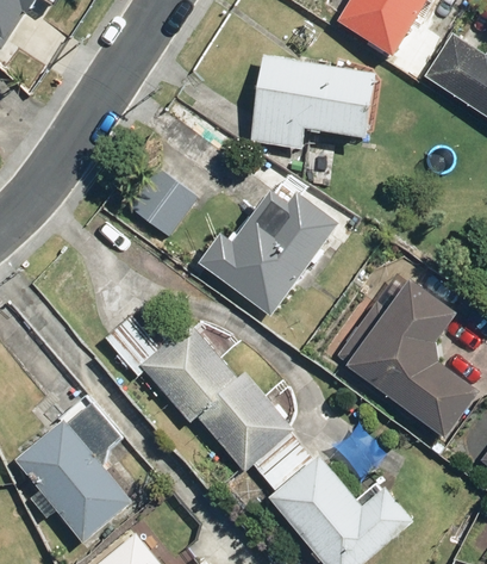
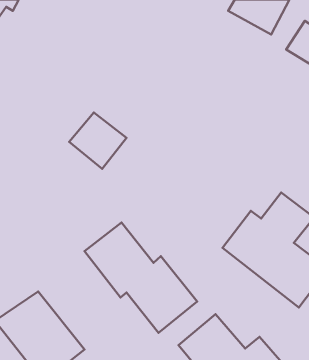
building: [251,55,377,151] -> none
building: [193,179,339,320] -> none

